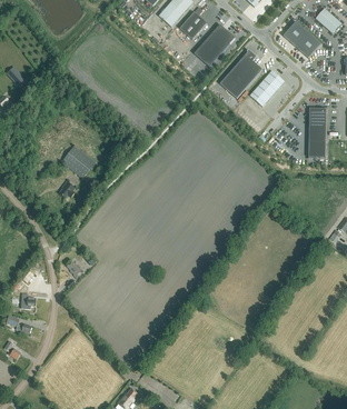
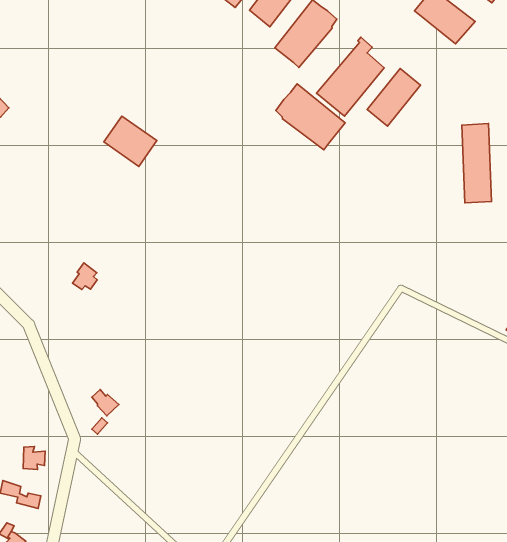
building: none -> [276,84,345,150]
building: [61,144,95,177] -> [104,116,157,166]

